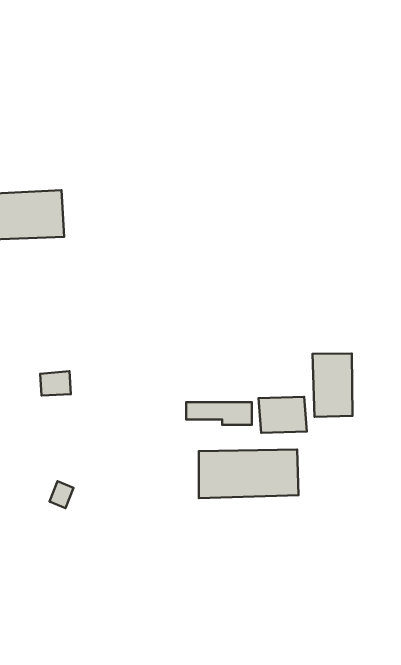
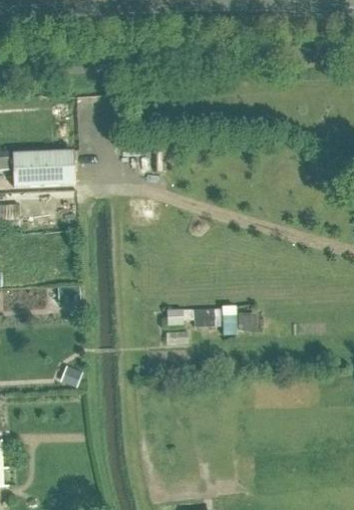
building: [313,353,353,417] -> none
building: [199,449,299,498] -> none

